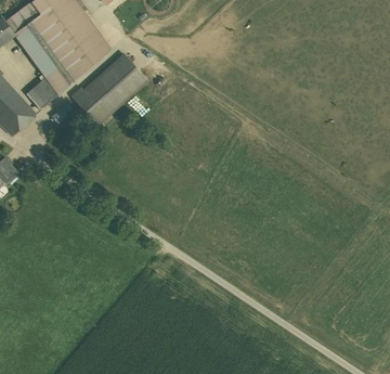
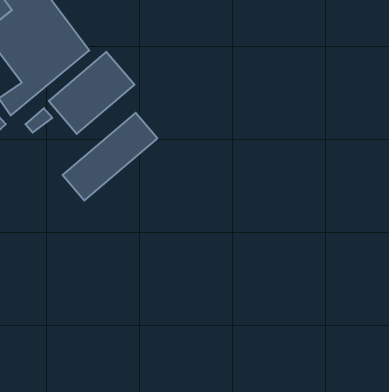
building: none -> [63,113,157,201]

